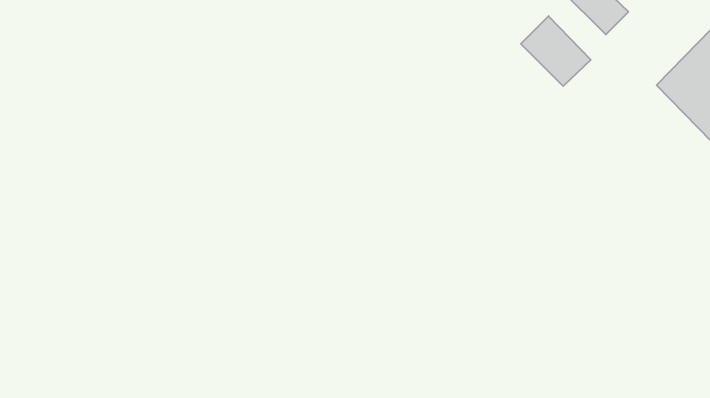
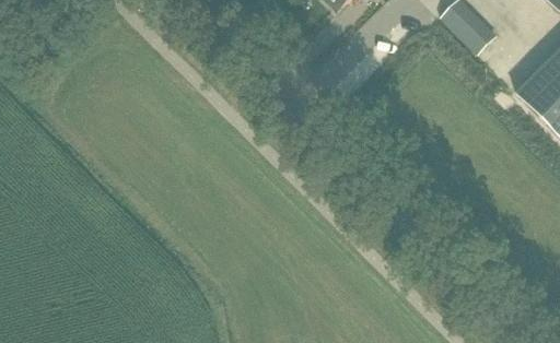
building: [521,16,591,86] -> none

